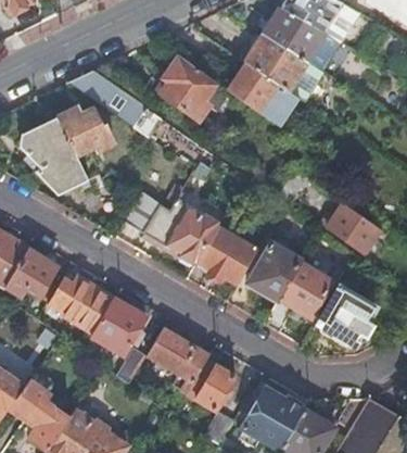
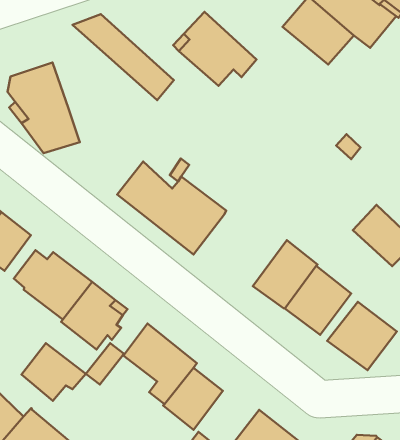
building: [229,63,300,126] -> none
building: [56,108,114,154] -> none
building: [194,227,257,284] -> none
building: none -> [21,343,86,401]

